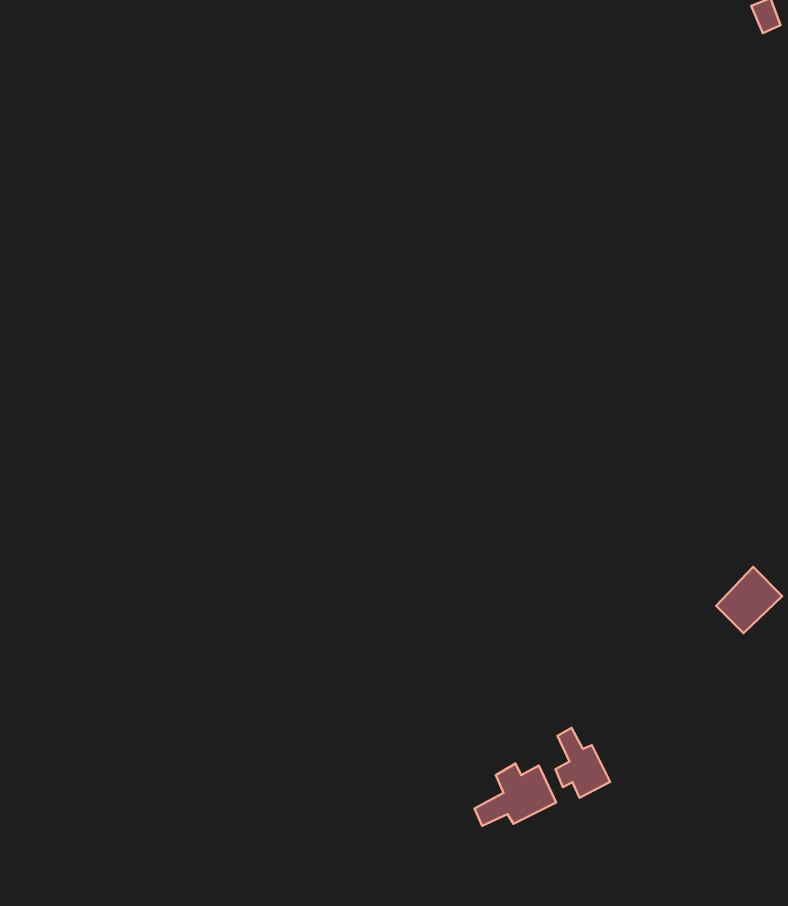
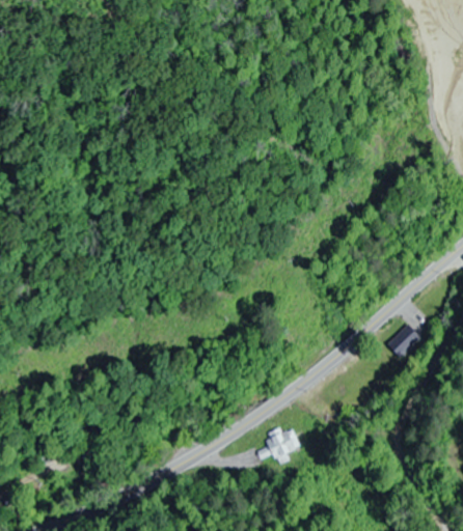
building: [555,728,610,798] -> none

